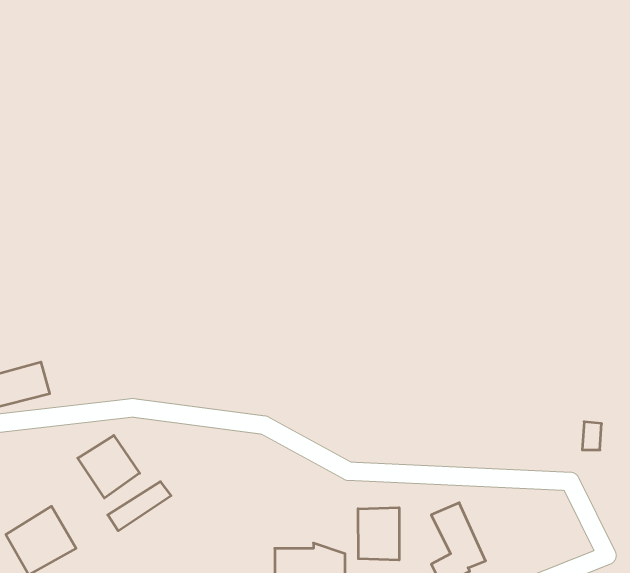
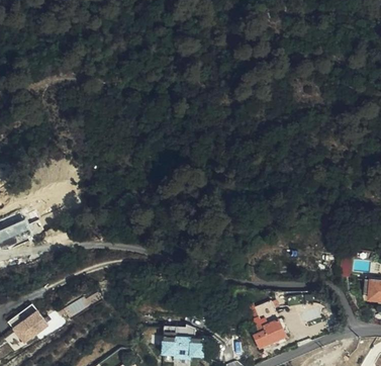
building: [78,435,140,498] -> none
building: [358,508,399,560] -> none

